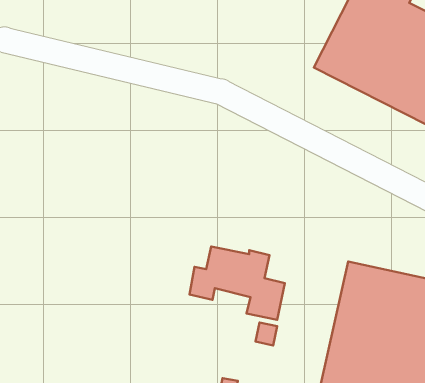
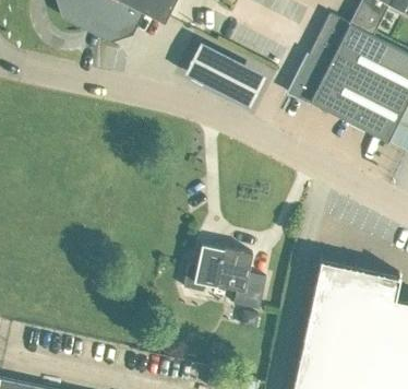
building: none -> [184,43,266,108]

